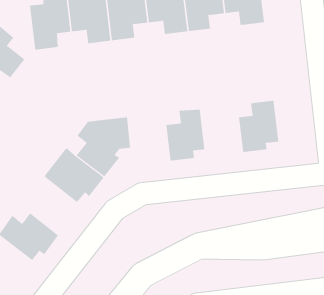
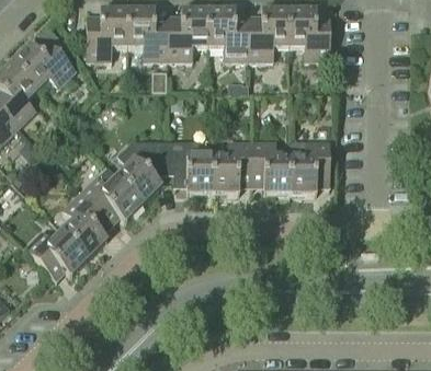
building: none -> [251,142,290,193]
building: none -> [173,141,213,193]
building: none -> [60,193,111,256]

